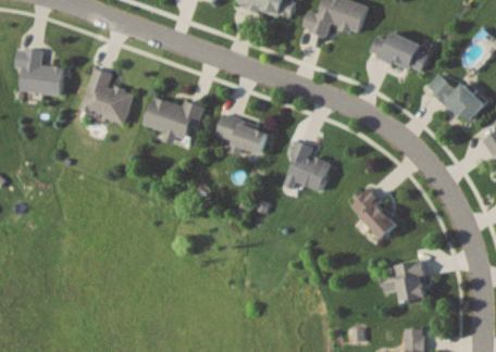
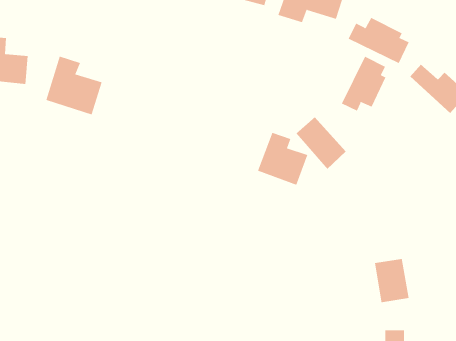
building: none -> [341,56,386,111]
building: [142,93,202,141] -> none
building: [215,115,268,151] -> none
building: [349,189,398,240] -> [295,116,347,170]

